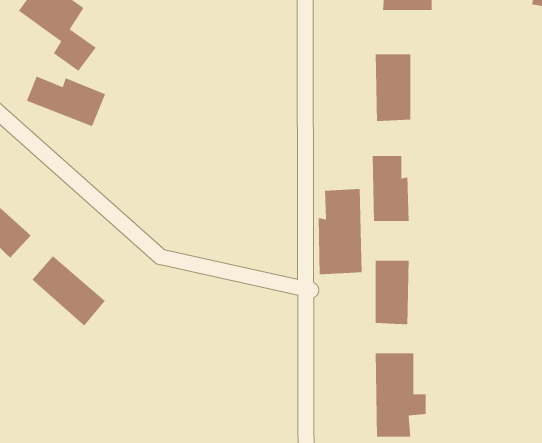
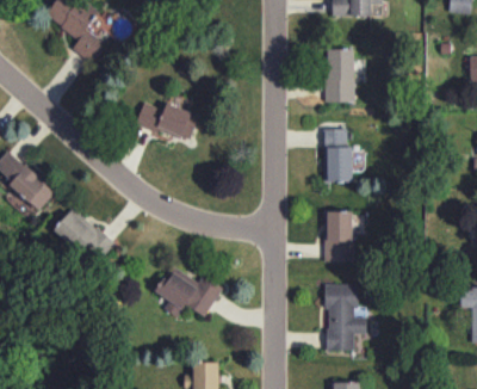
building: [26,75,106,127] -> [135,101,198,142]
building: [318,188,362,275] -> none
building: none -> [154,265,223,317]

